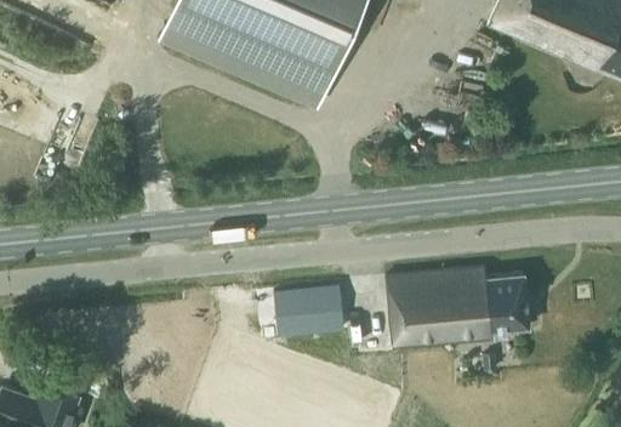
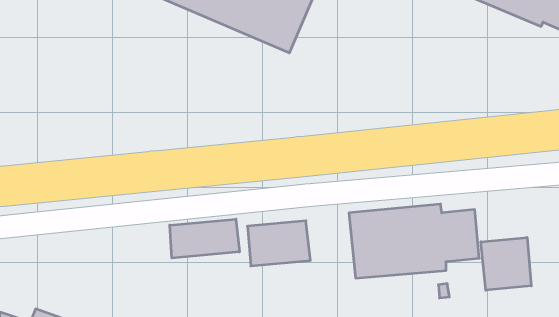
building: none -> [170,219,239,258]
building: none -> [481,237,531,290]

